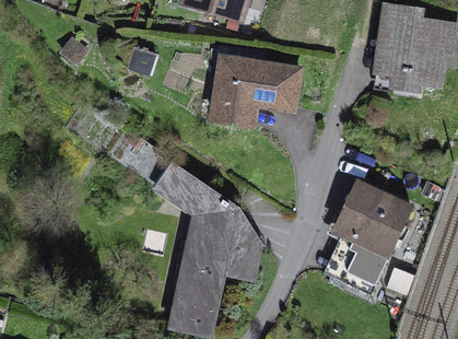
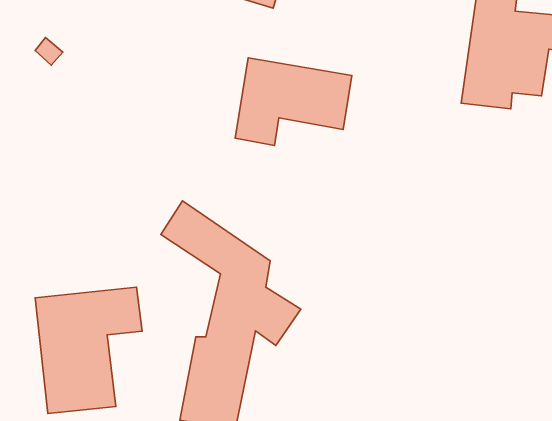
building: [336,183,411,293] -> none
building: none -> [35,287,142,413]

